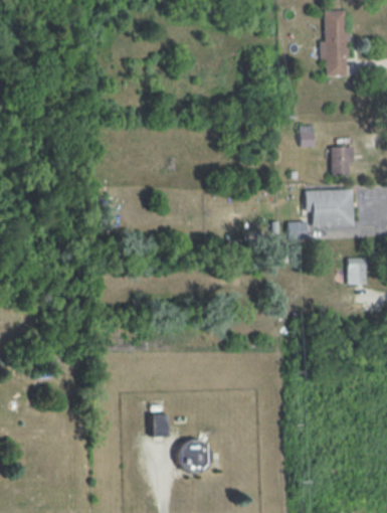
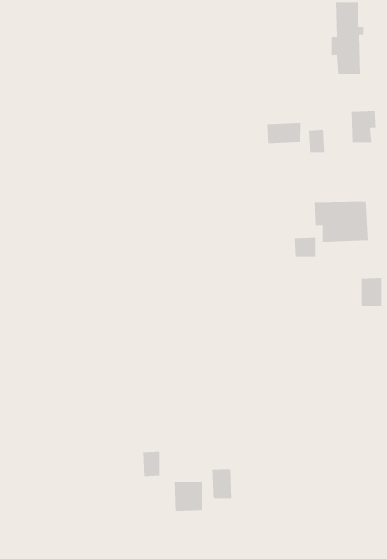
building: none -> [267,122,301,144]
building: [331,146,354,175] -> [351,110,377,143]
building: none -> [212,469,232,499]

